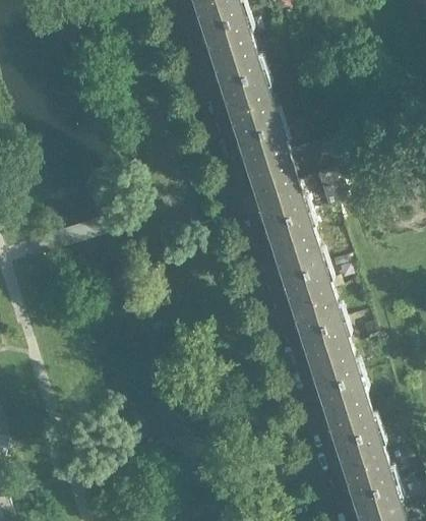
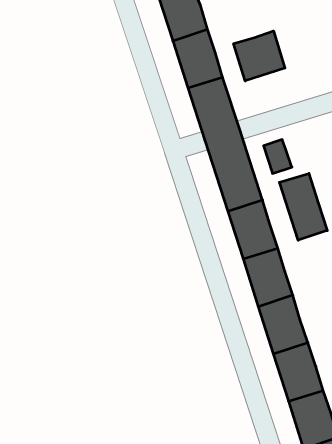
building: none -> [234,31,285,81]
building: none -> [279,173,327,240]

